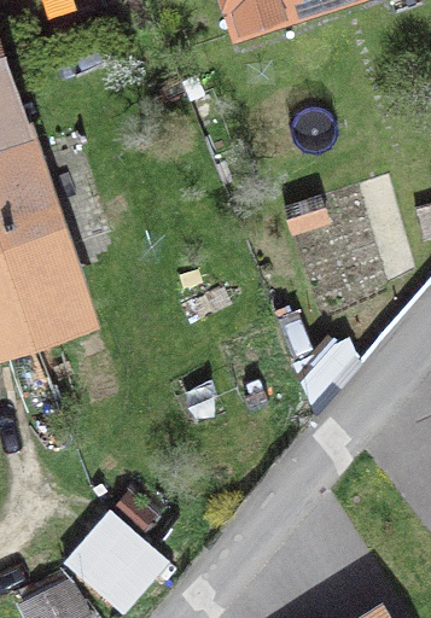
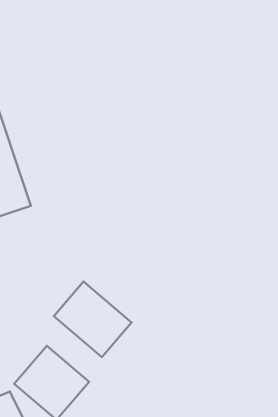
building: none -> [54,282,132,357]

